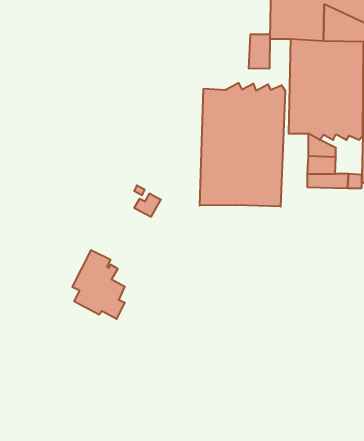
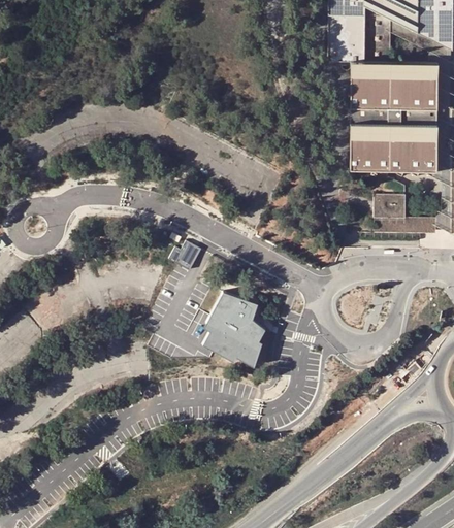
building: [249,34,270,69] -> none
building: [200,83,285,207] -> none
building: [72,250,125,319] -> [203,285,264,364]

